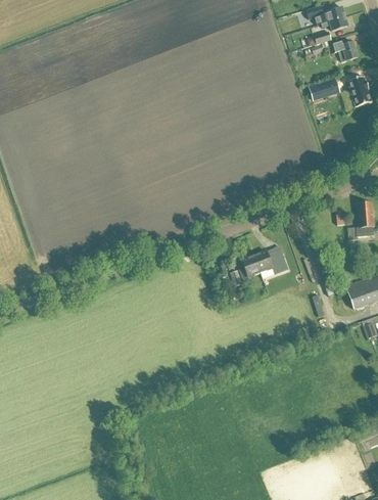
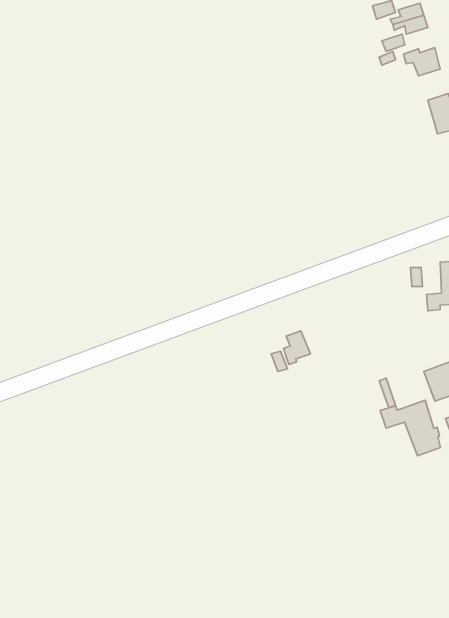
building: [309,77,340,100] -> none
building: [252,251,291,273] -> none
building: none -> [380,400,441,456]

